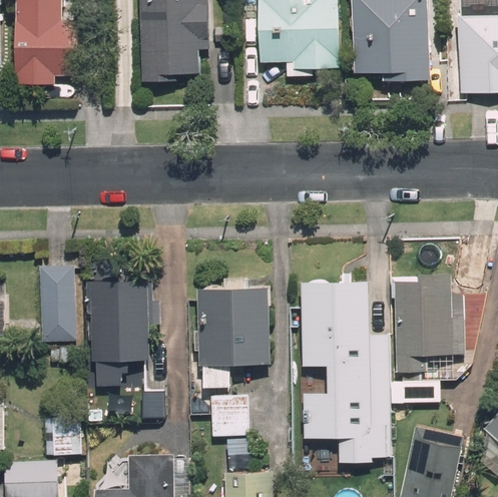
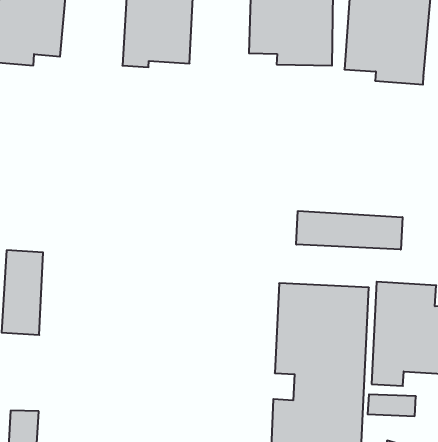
building: none -> [296,211,402,250]
building: [87,282,157,385] -> none
building: [196,288,270,385] -> none
building: [210,396,248,433] -> none

